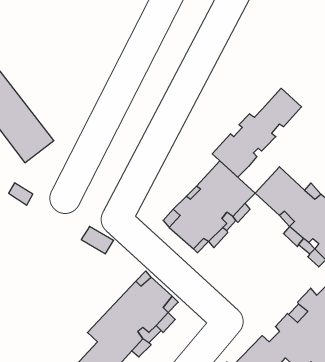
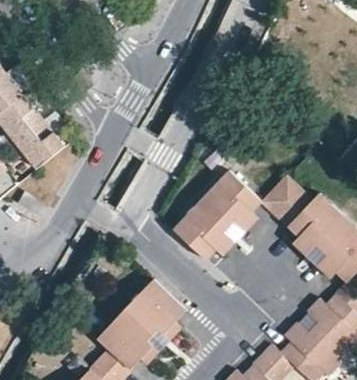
building: [212,88,302,177] -> none

